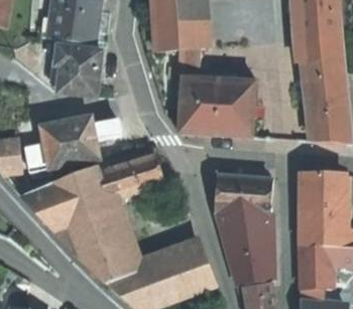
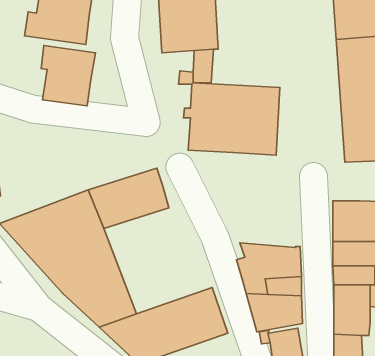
building: [35,116,99,169] -> none
building: [215,173,271,213] -> none

